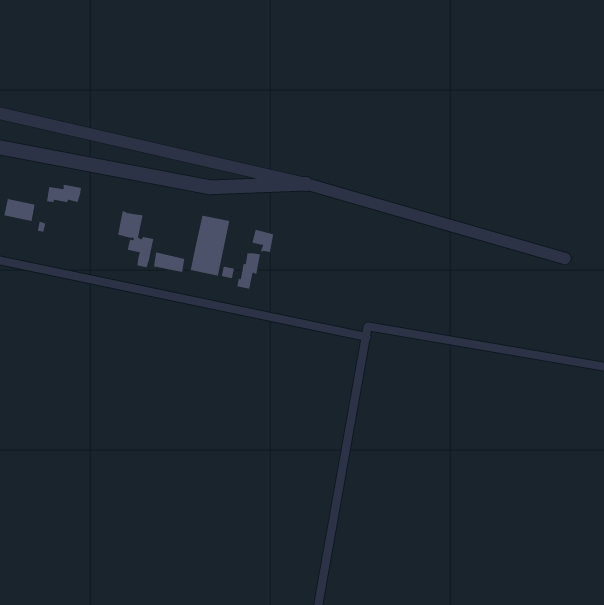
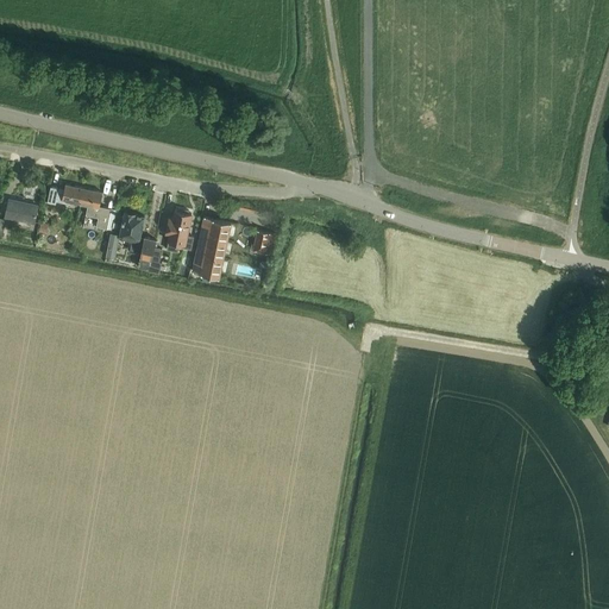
building: none -> [79,189,114,231]
building: none -> [163,211,192,252]
building: [236,253,261,289] -> none

